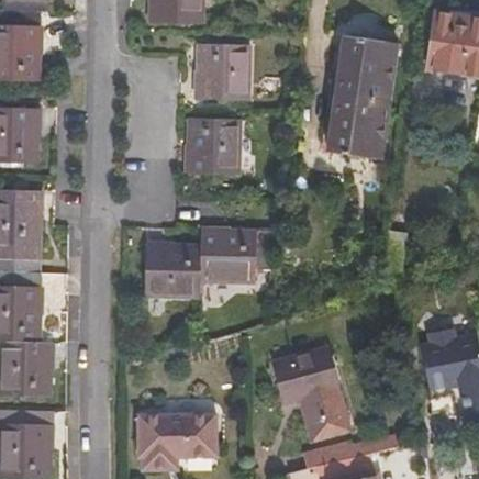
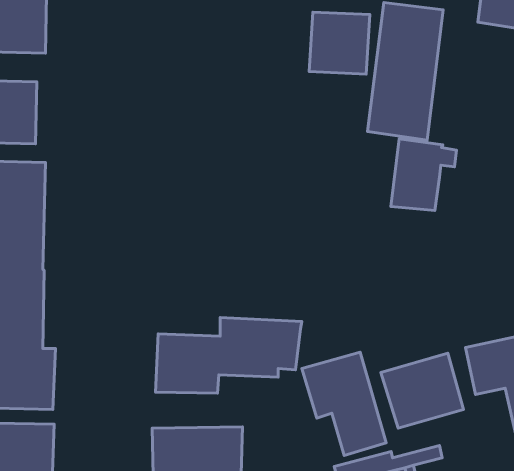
building: [200,47,254,102] -> [309,12,370,74]
building: [190,122,244,176] -> none
building: none -> [391,139,456,210]
building: [145,233,275,300] -> [156,318,302,393]
building: none -> [381,353,464,428]

